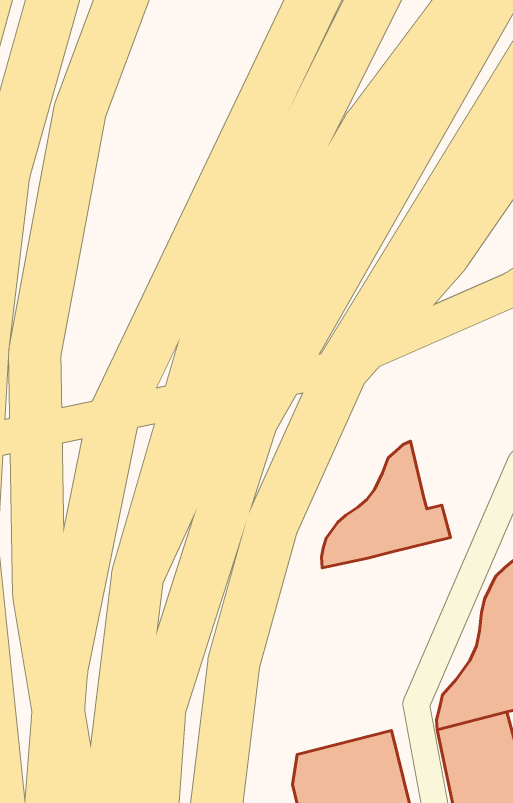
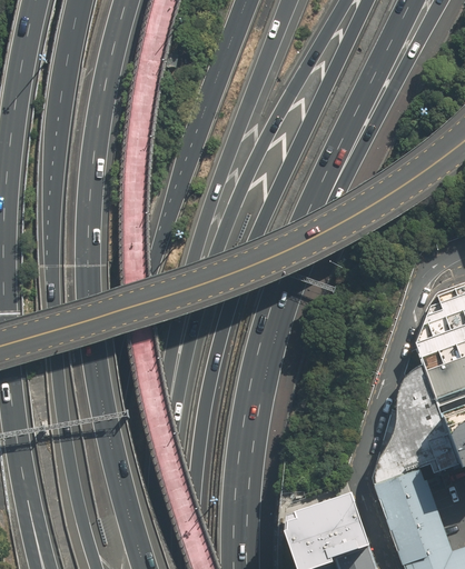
building: [322,441,451,568] -> none

